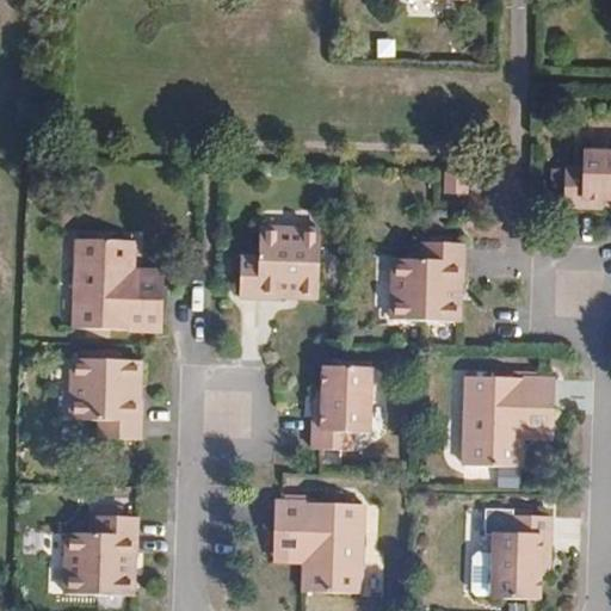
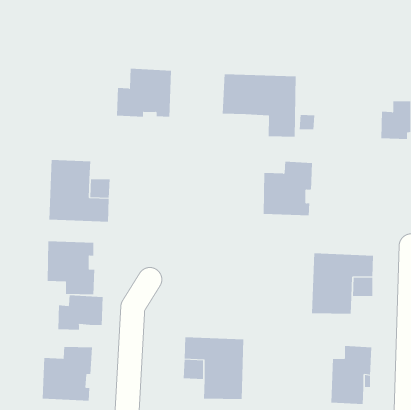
building: none -> [222,73,296,138]
building: [237,224,320,297] -> [116,68,172,117]
building: [310,364,370,449] -> none
building: none -> [58,295,103,330]

